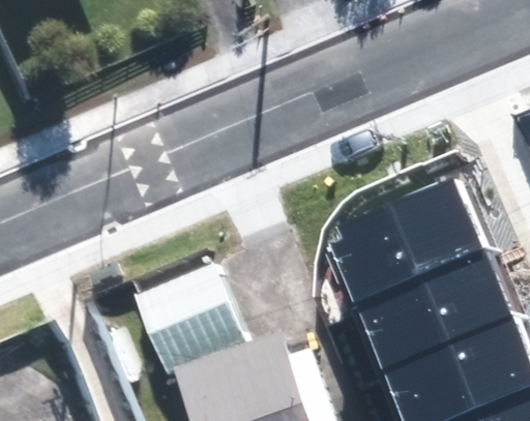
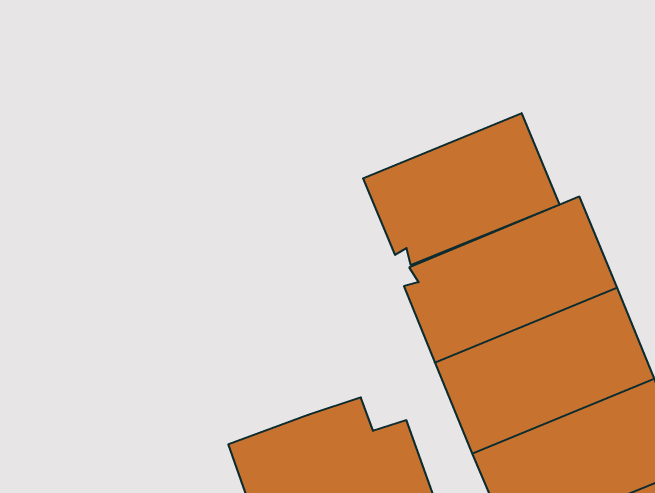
building: none -> [363,113,559,265]
building: [138,267,247,374] -> none

